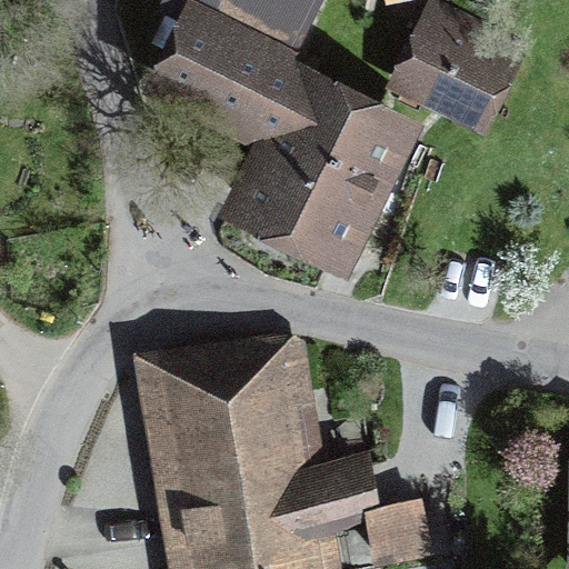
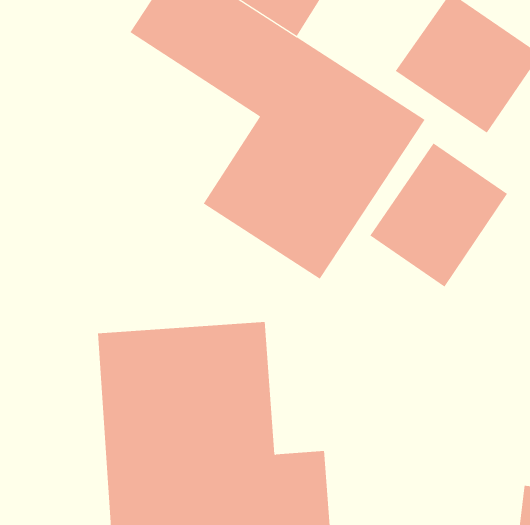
building: none -> [370,143,508,288]

